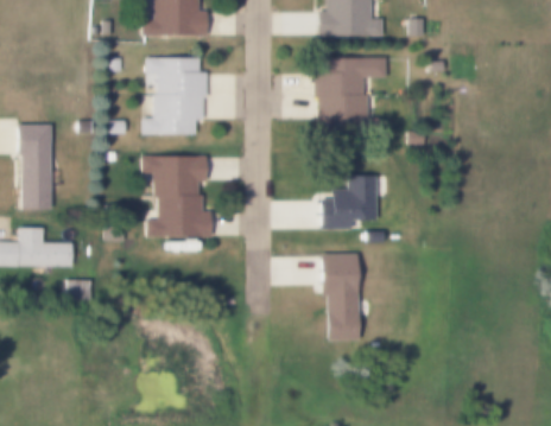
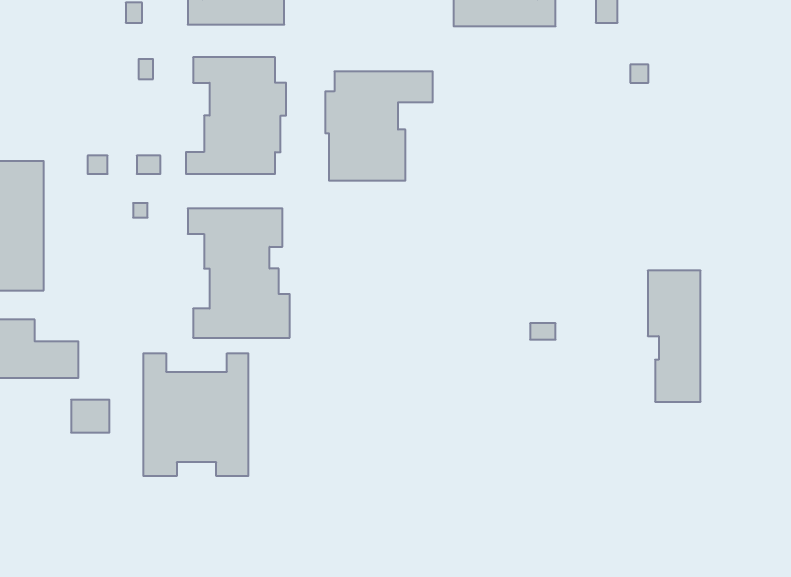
building: [318,57,388,128] -> [325,71,433,181]
building: [322,176,376,229] -> none
building: none -> [143,353,248,476]
building: [323,254,357,339] -> [648,271,701,402]

